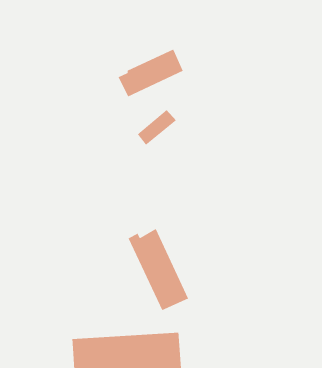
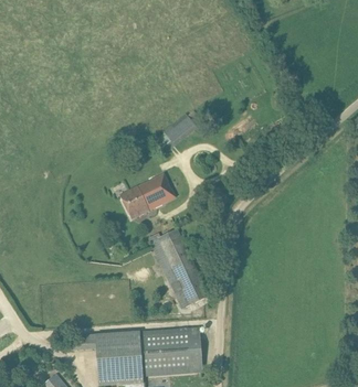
building: [118,48,184,98] -> [120,170,185,217]

